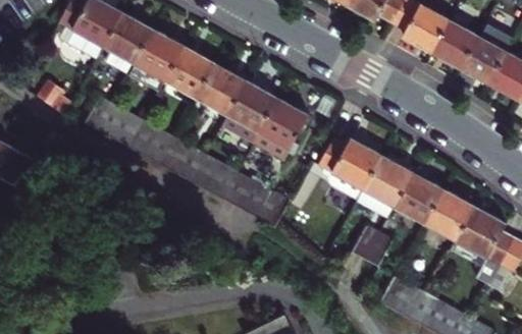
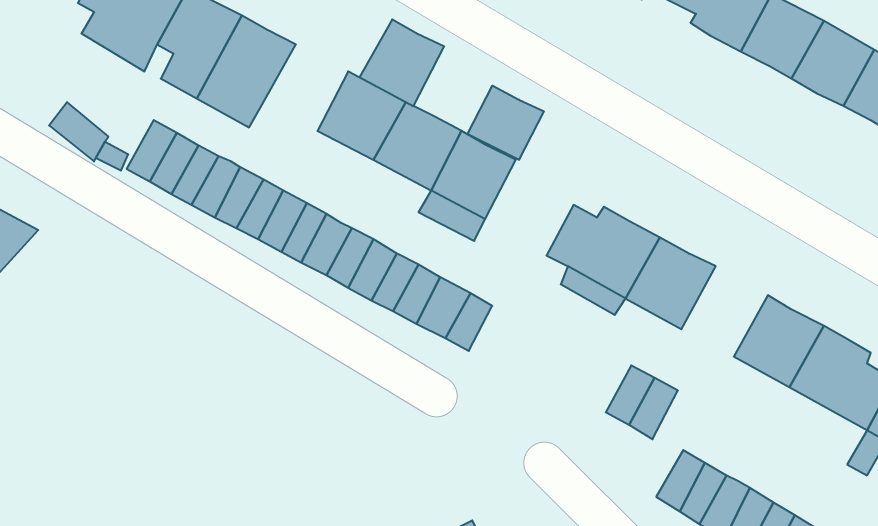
building: [163,49,211,98] -> [360,19,444,106]
building: none -> [467,86,544,160]
building: [400,174,449,225] -> none

